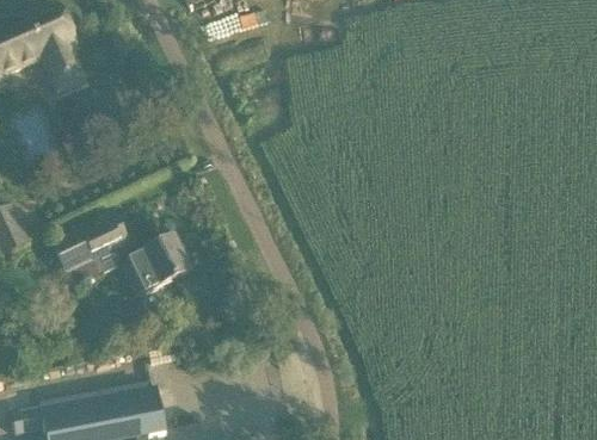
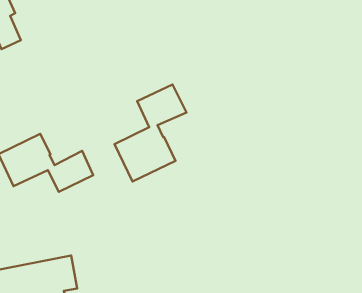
building: none -> [115,85,187,181]

